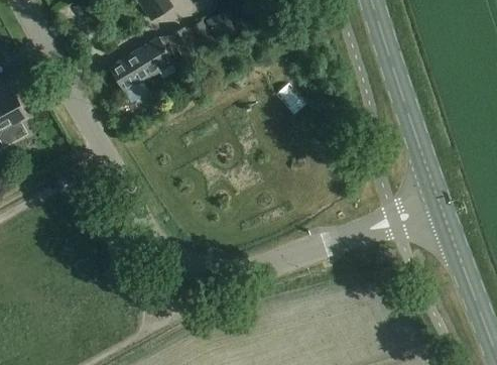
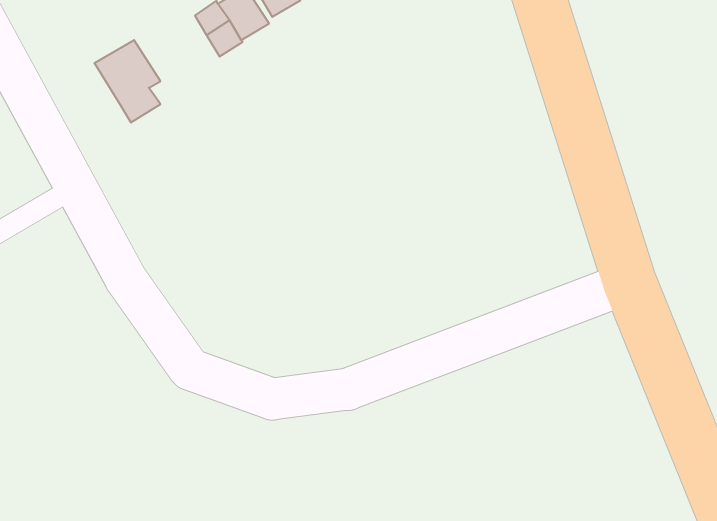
building: [132,37,173,79] -> none

